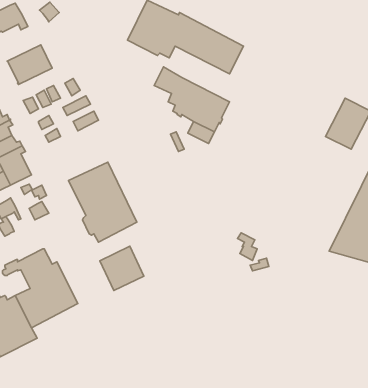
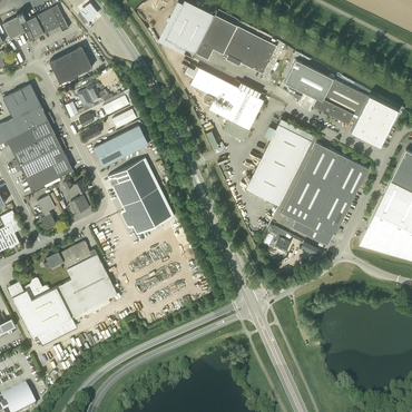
building: none -> [284,59,374,134]
building: none -> [245,122,311,205]
building: none -> [94,125,148,167]
building: none -> [281,143,367,241]
building: [100,246,144,291] -> none

